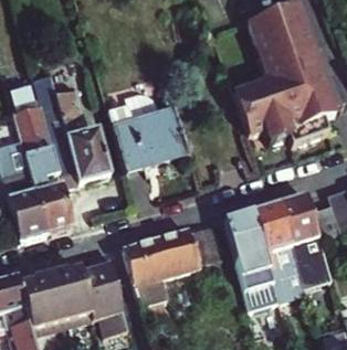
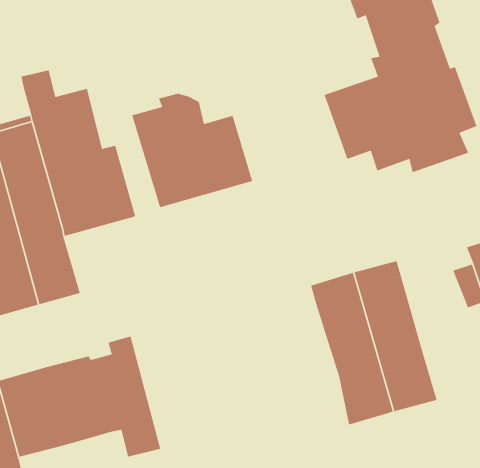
building: [283,194,327,264] -> none
building: [123,227,219,324] -> none

